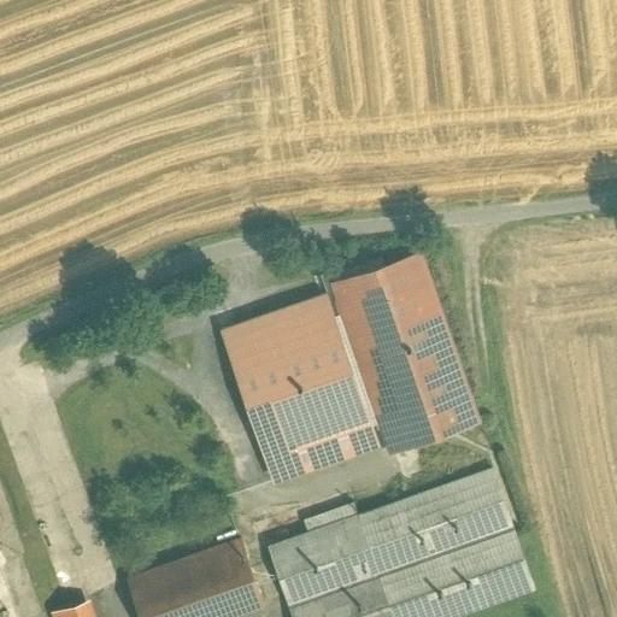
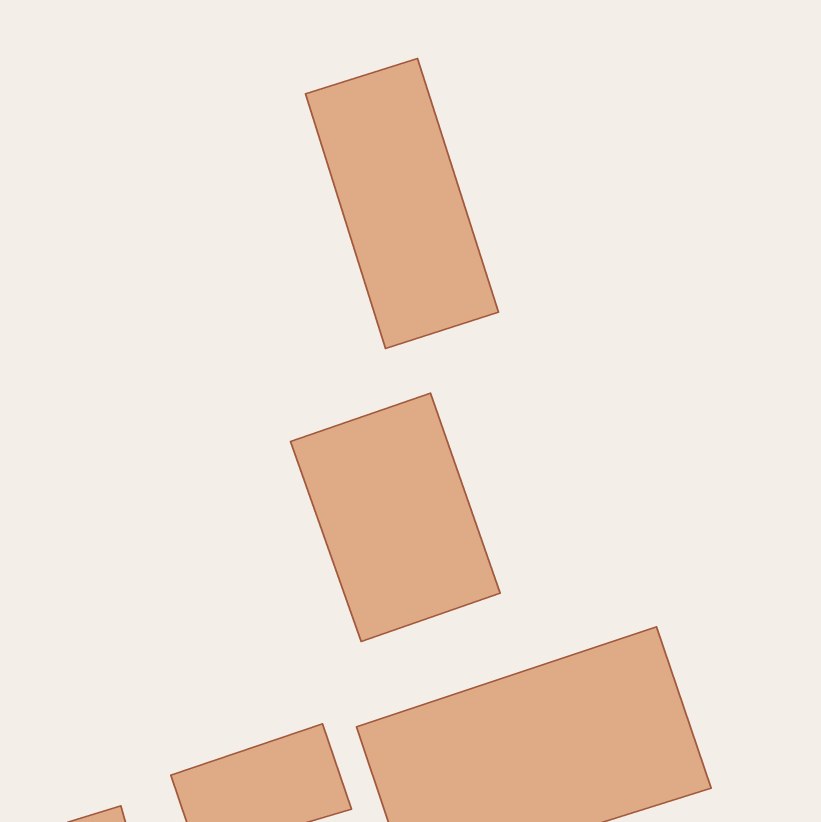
building: none -> [306,59,498,348]
building: [329,254,478,456] -> none

